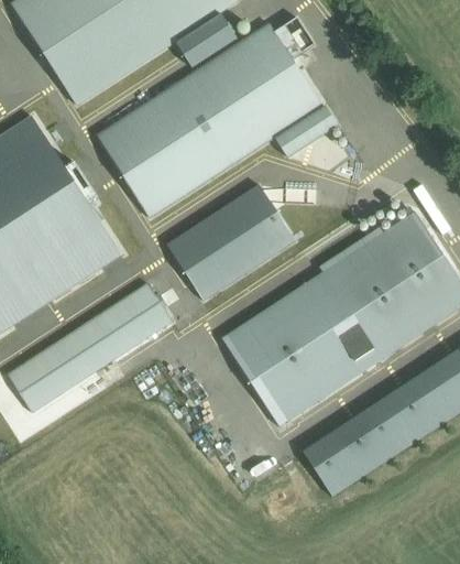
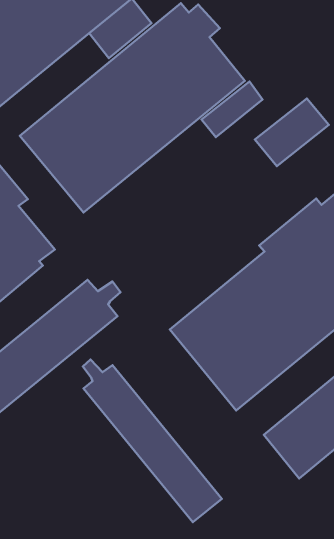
building: none -> [255,98,329,166]
building: [168,184,296,301] -> none
building: none -> [83,360,222,522]

